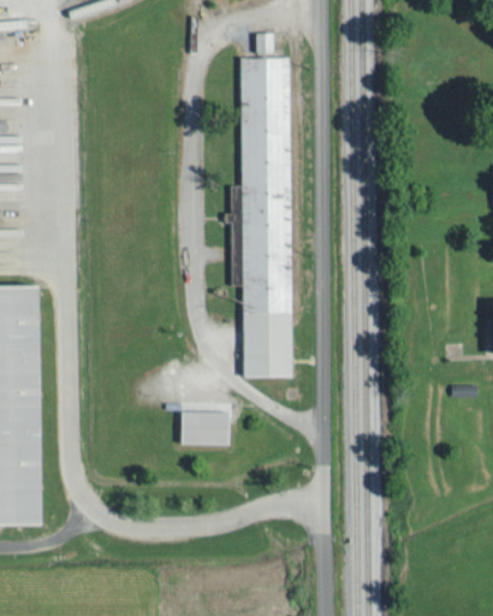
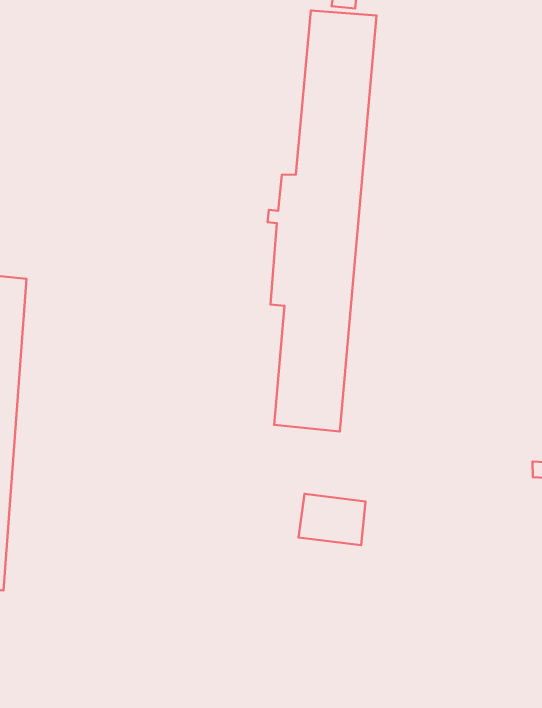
building: [182,411,230,446] -> [299,494,365,545]

